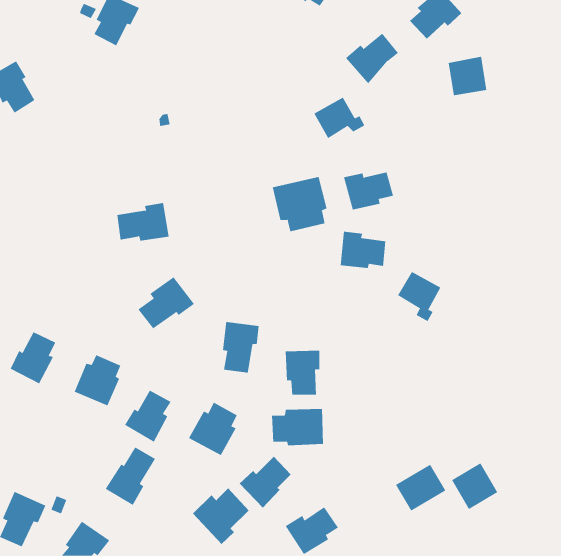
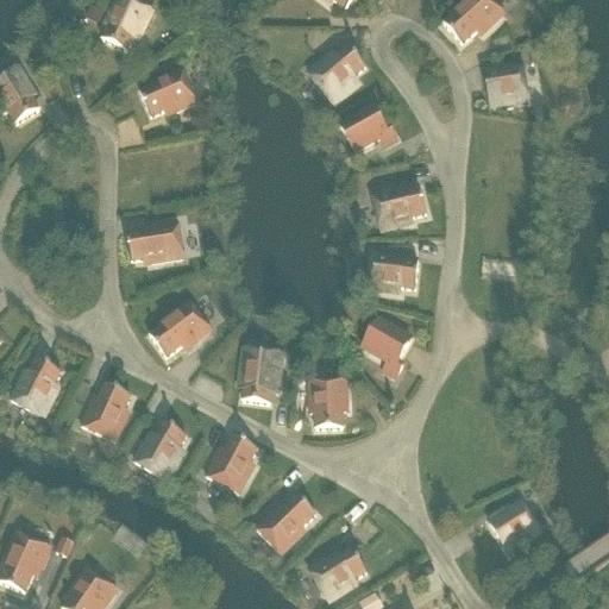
building: [345,33,399,85] -> [307,44,365,100]
building: none -> [139,67,195,115]
building: [272,176,327,232] -> none
building: [397,271,441,322] -> [363,319,410,373]
building: [272,408,324,446] -> none
building: [105,447,156,506] -> none
building: [395,464,446,512] -> none
building: [192,488,249,545] -> none

